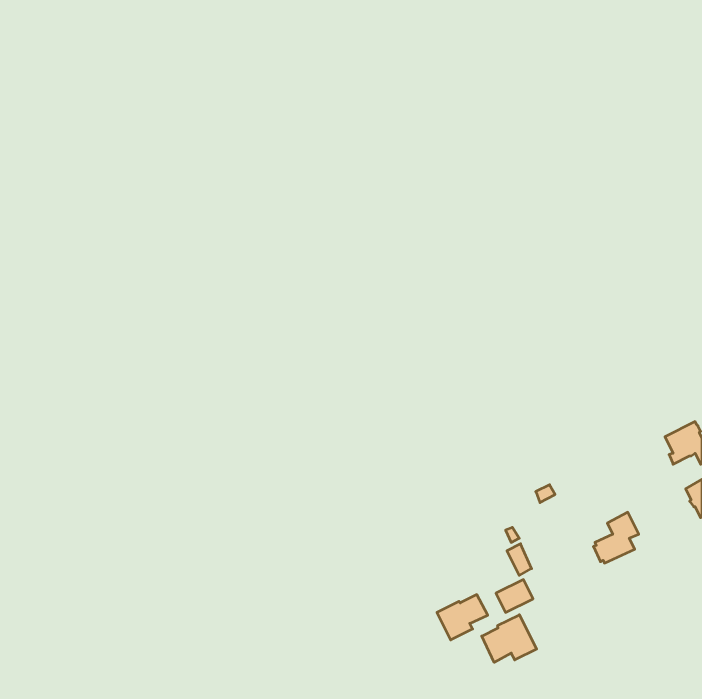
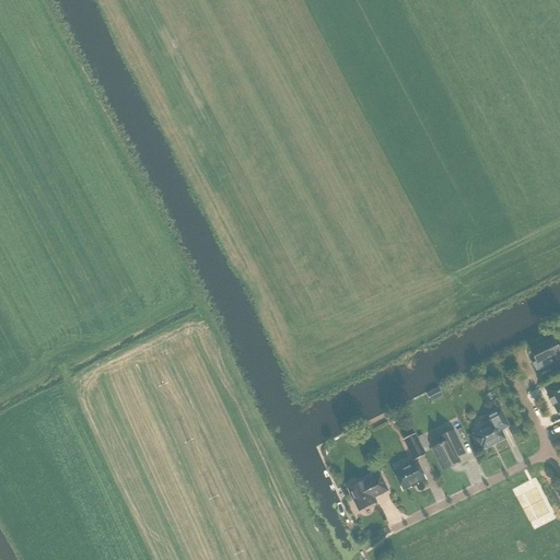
building: none -> [432,430,464,468]
building: [482,615,537,662] -> none

